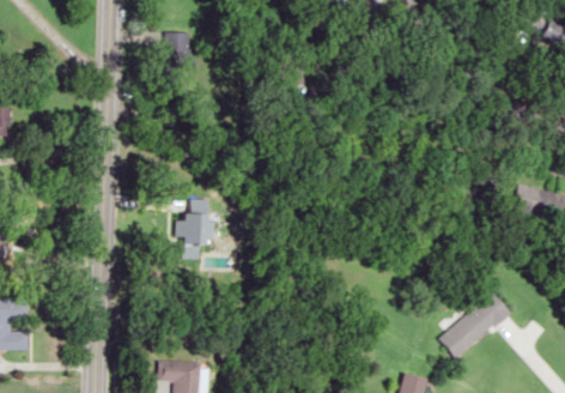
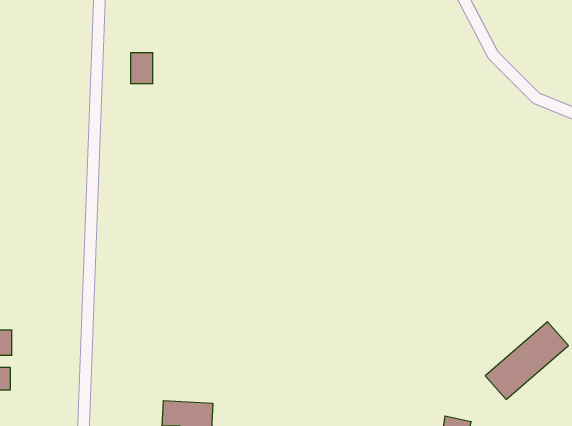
building: [164,32,183,59] -> [131,53,153,83]
building: [187,212,211,243] -> none

